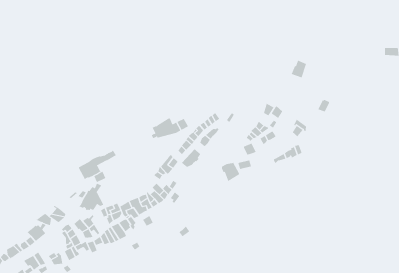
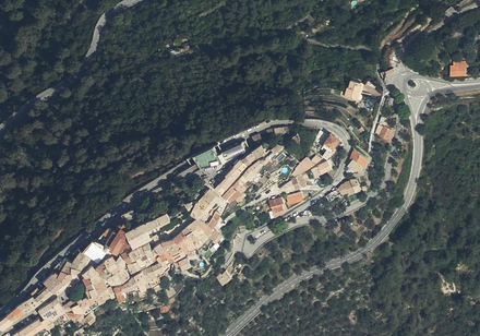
building: [78,149,117,180] -> [127,212,171,247]

